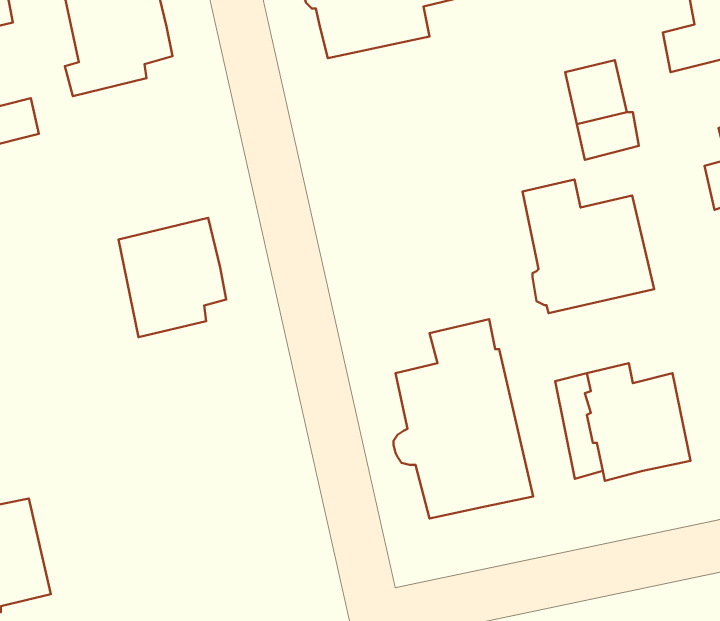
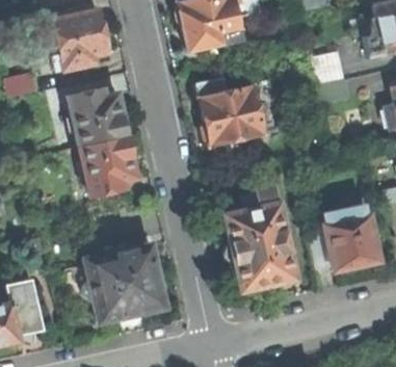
building: none -> [69,86,127,146]
building: [523,180,654,313] -> [196,77,265,147]
building: none -> [82,242,165,321]

